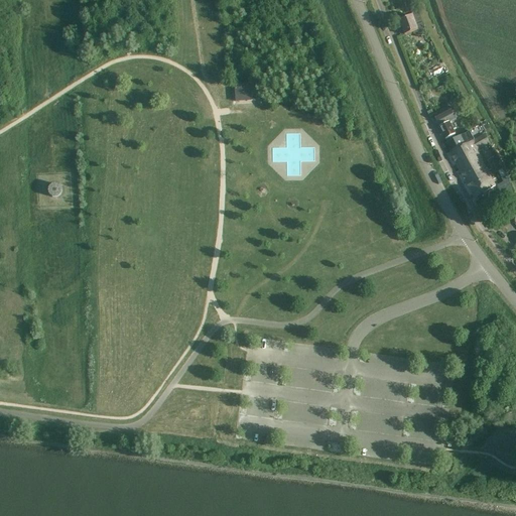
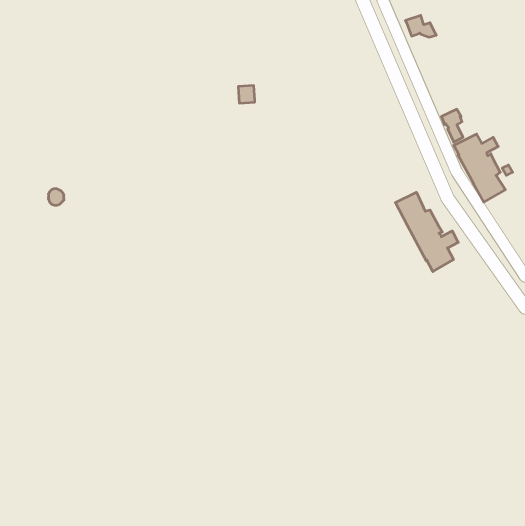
building: none -> [395,192,458,272]

